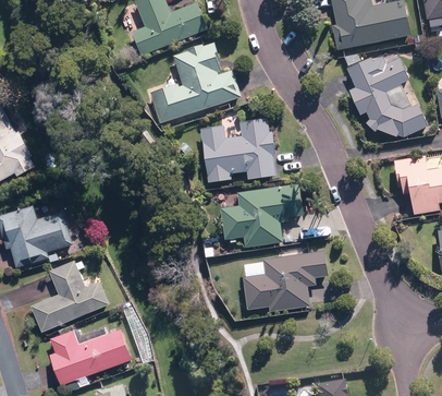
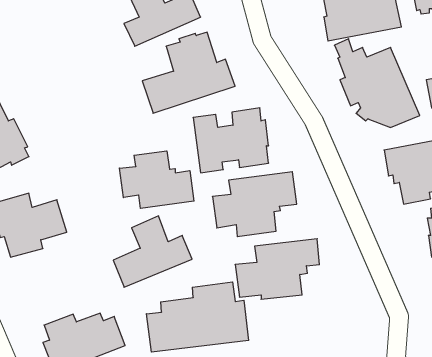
building: none -> [119,151,194,208]
building: [30,260,110,332] -> [113,216,192,287]
building: none -> [146,282,249,352]

